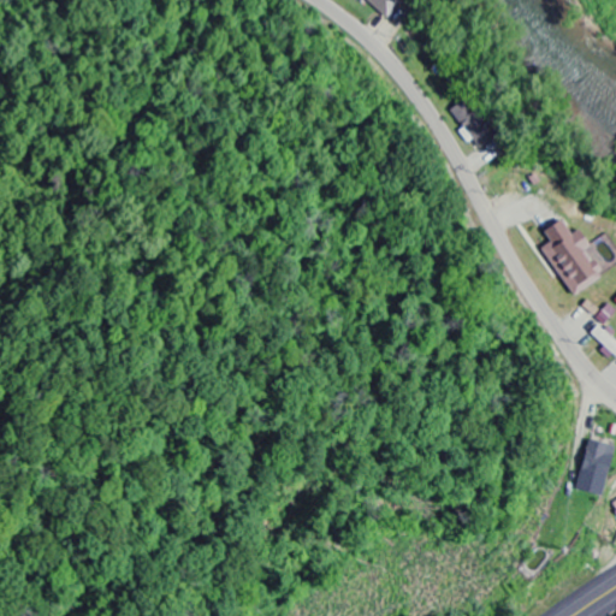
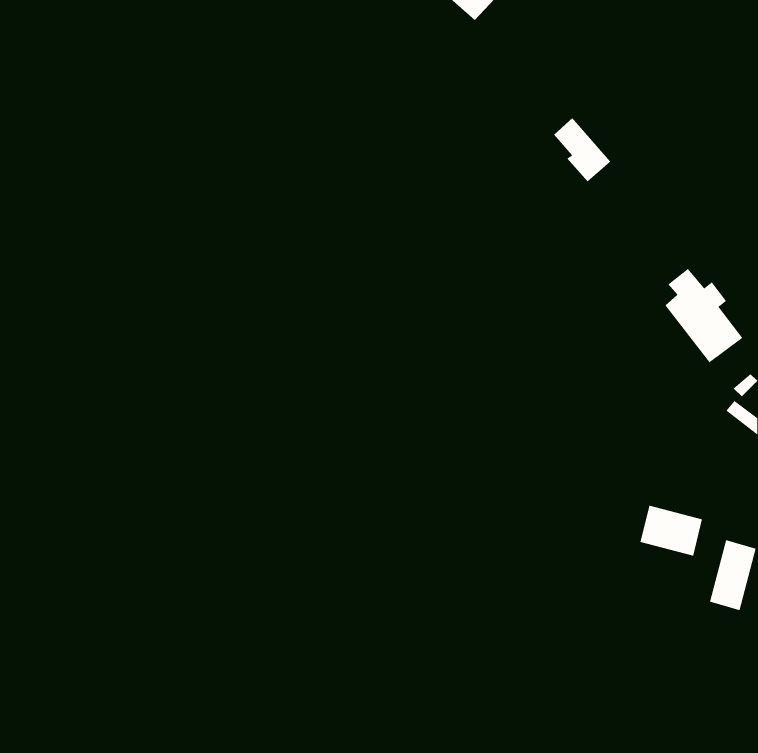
building: none -> [640,505,703,556]

